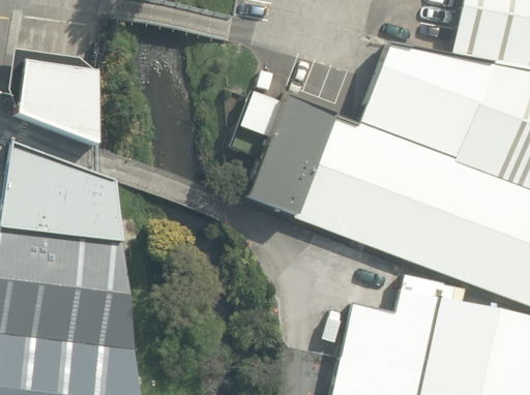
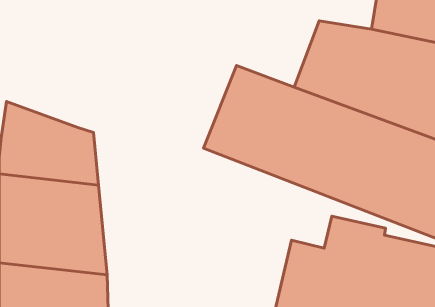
building: [16,62,97,146] -> none

